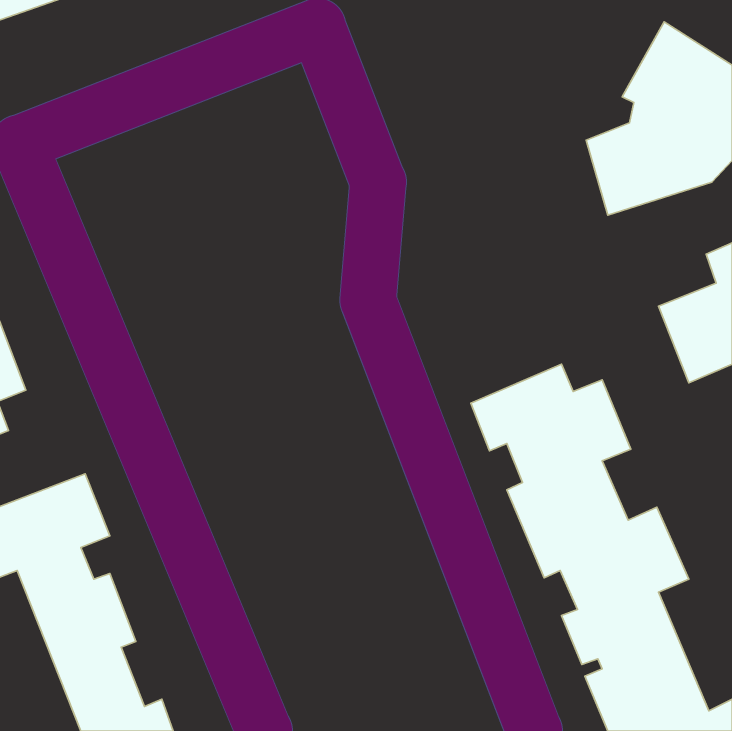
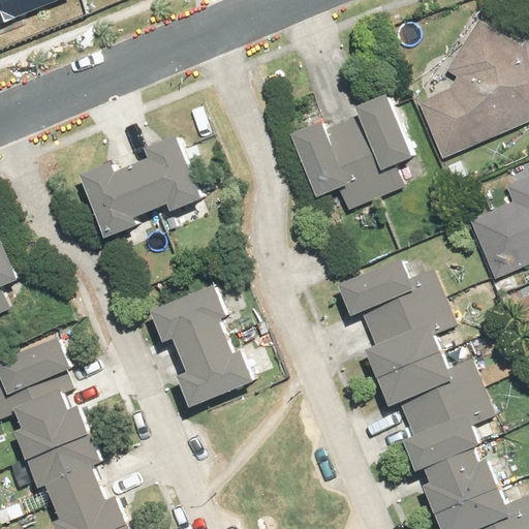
building: none -> [293,99,412,211]
building: none -> [82,132,208,239]
building: none -> [151,276,273,408]

